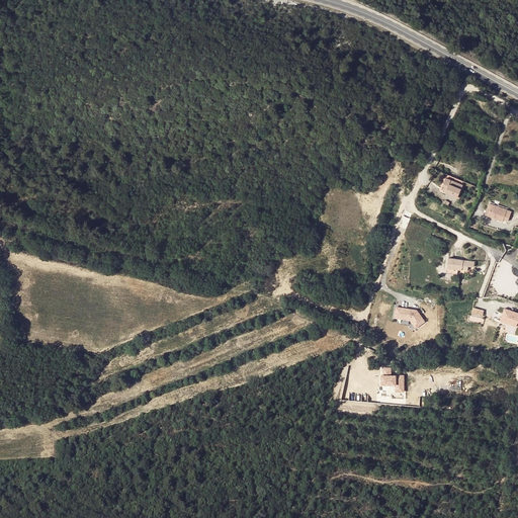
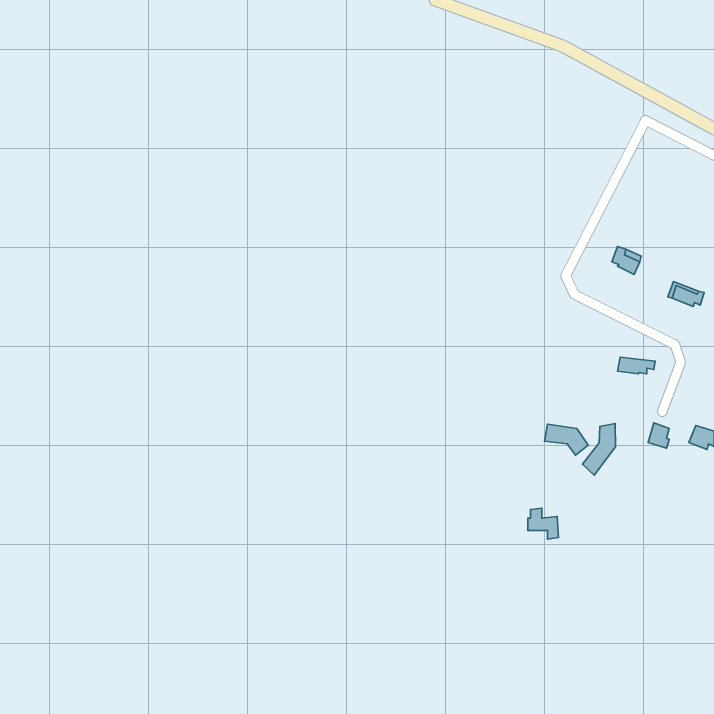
building: none -> [583,424,616,475]

